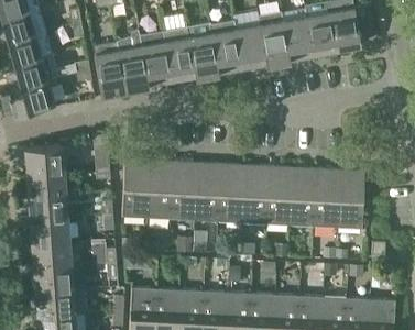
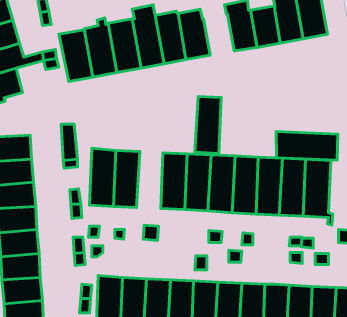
building: [238,25,269,66] -> none
building: none -> [276,132,338,160]
building: [171,163,197,220] -> [195,96,221,153]

